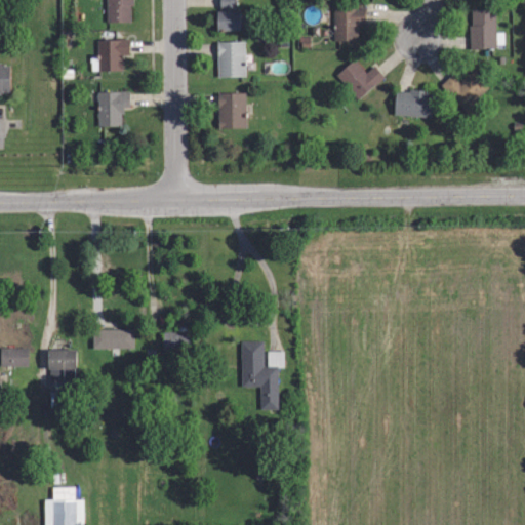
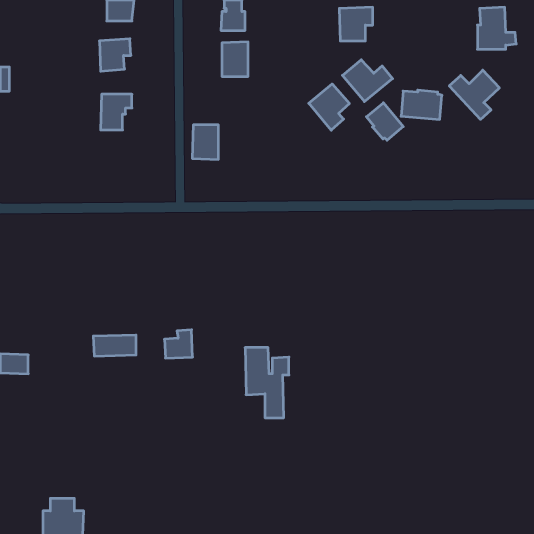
building: none -> [309,84,349,130]
building: [221,94,247,128] -> [192,125,218,159]
building: none -> [366,103,403,140]
building: [48,350,77,394] -> none

